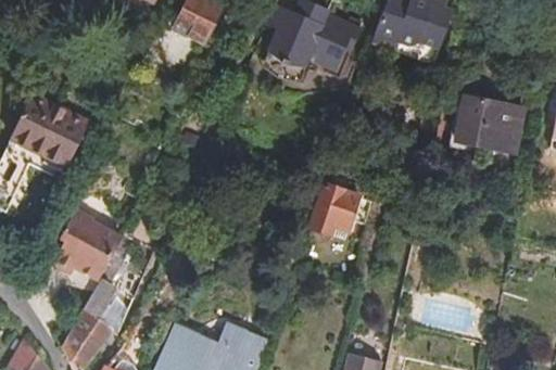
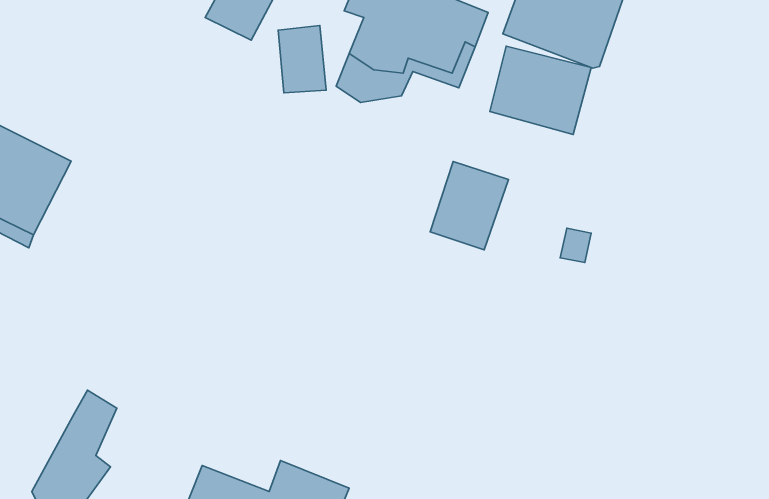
building: none -> [278,25,326,93]
building: [458,90,526,149] -> [490,46,591,134]
building: [308,187,361,245] -> [430,161,509,250]
building: [45,209,116,291] -> none

